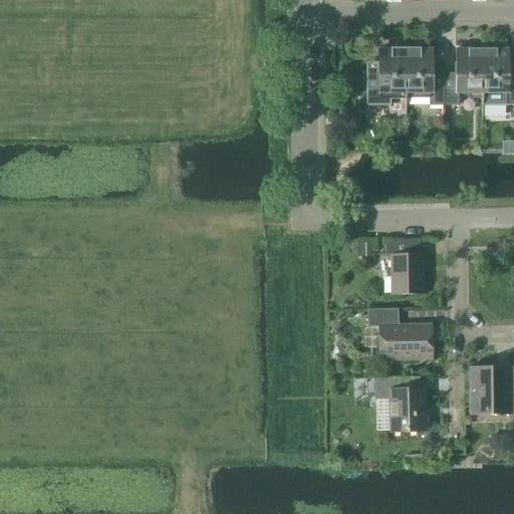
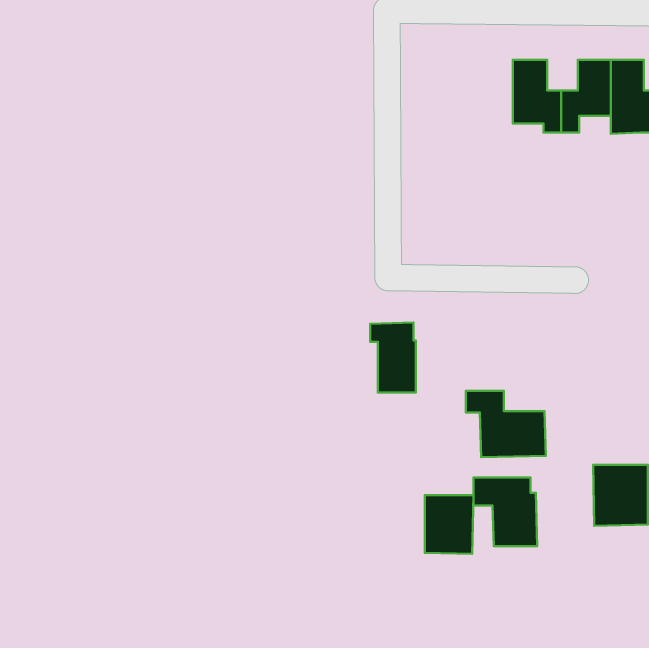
building: [367,47,406,103] -> none
building: [387,239,423,294] -> [370,323,416,393]
building: none -> [425,495,473,554]

